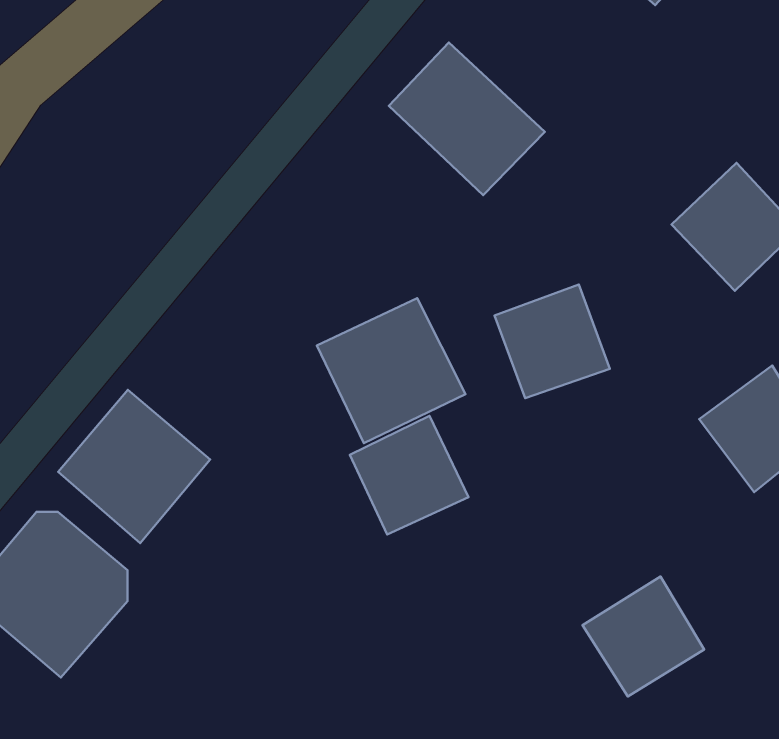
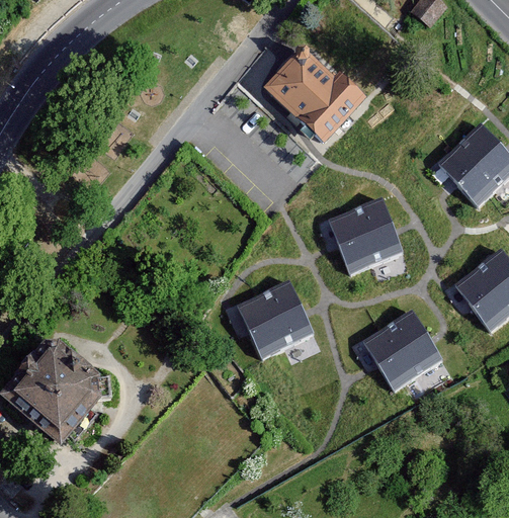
building: [317,298,466,443] -> none
building: [58,390,210,543] -> none
building: [583,576,704,697] -> [365,313,441,387]

